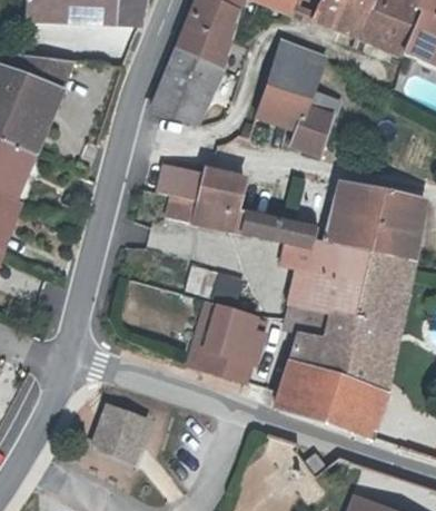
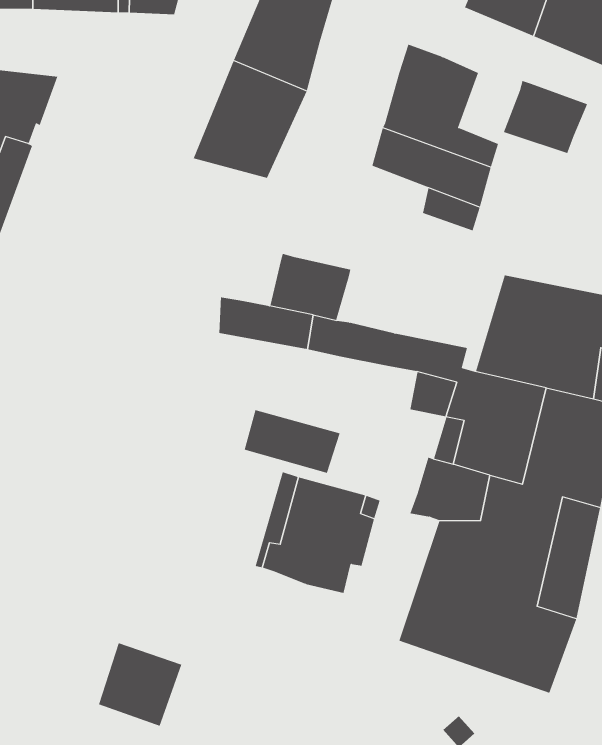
building: none -> [503,80,588,154]
building: [158,164,205,200] -> none

